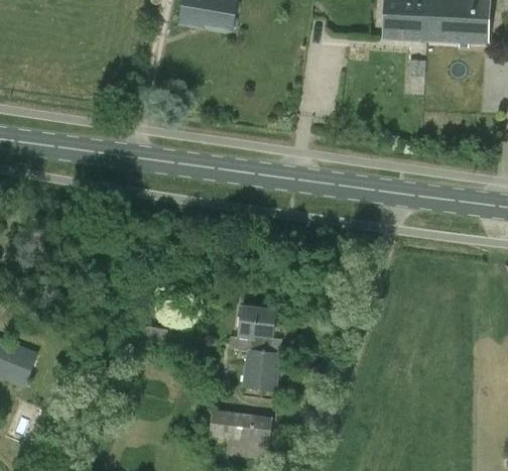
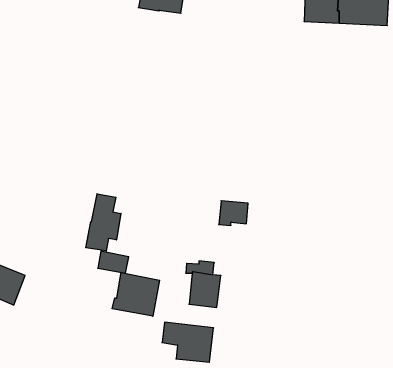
building: none -> [86,194,121,251]
building: [238,308,274,338] -> [219,201,248,225]
building: none -> [112,272,160,316]

